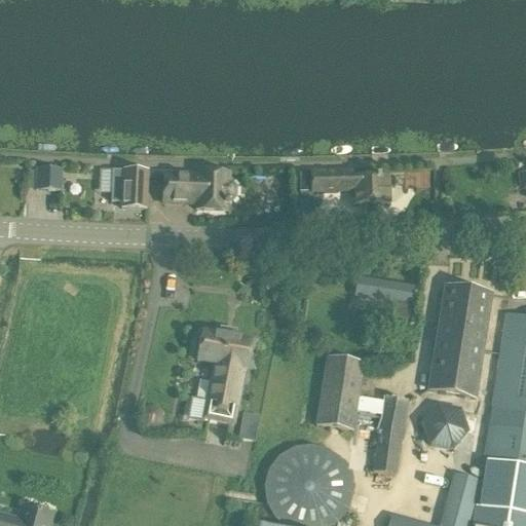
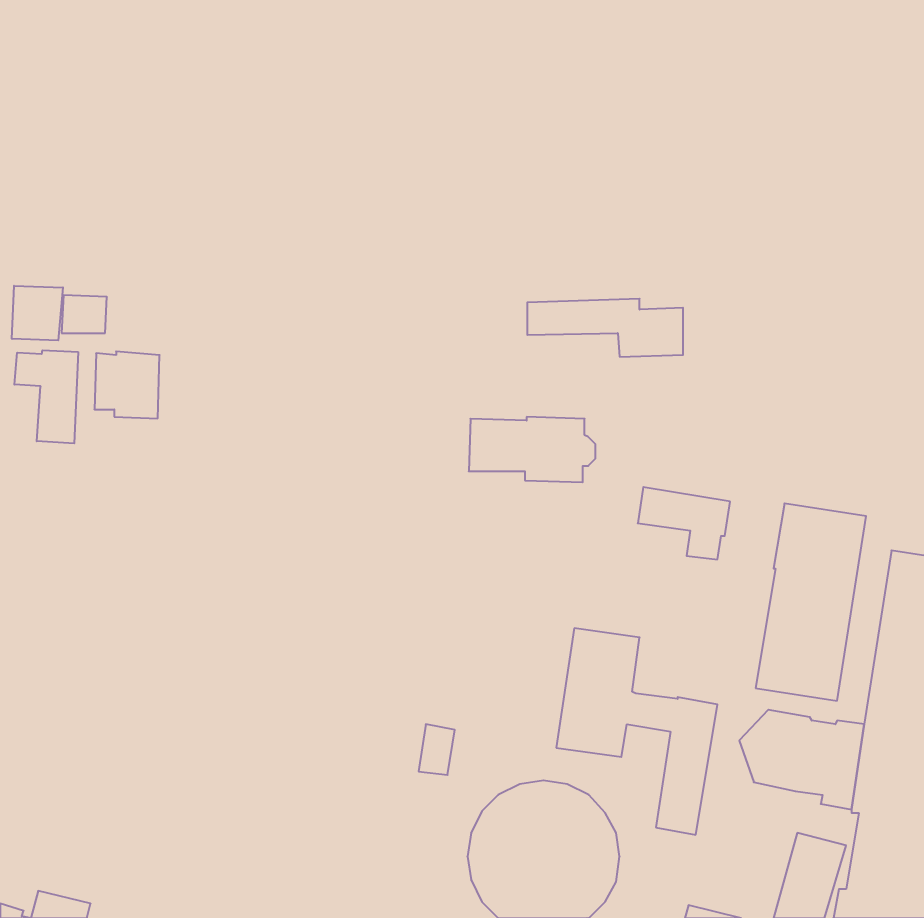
building: none -> [12,286,63,340]
building: [111,168,148,206] -> [94,351,160,418]
building: [163,171,235,208] -> [469,417,595,482]
building: none -> [14,350,78,443]
building: [194,327,252,423] -> none

